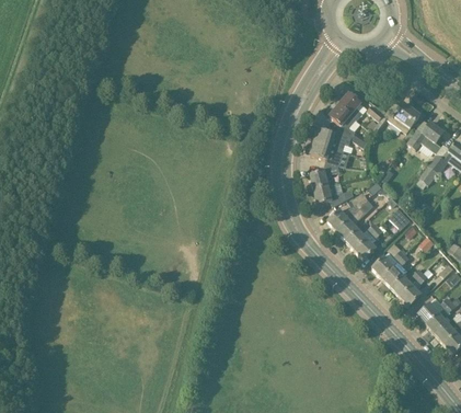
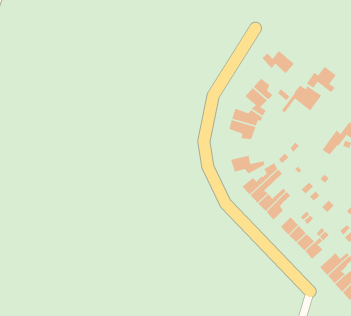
building: none -> [261,50,295,74]
building: [406,122,442,153] -> [306,66,337,93]
building: [309,164,339,188] -> none

